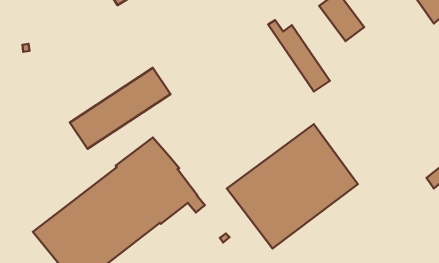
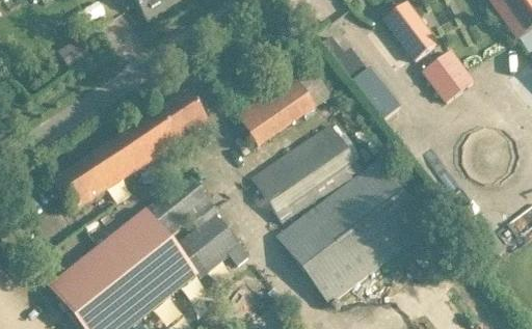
building: none -> [422,48,474,101]
building: none -> [235,65,331,145]
building: none -> [251,121,361,222]
building: none -> [52,156,111,213]

